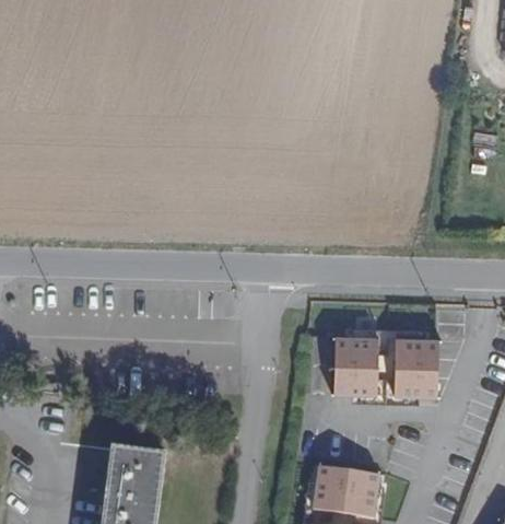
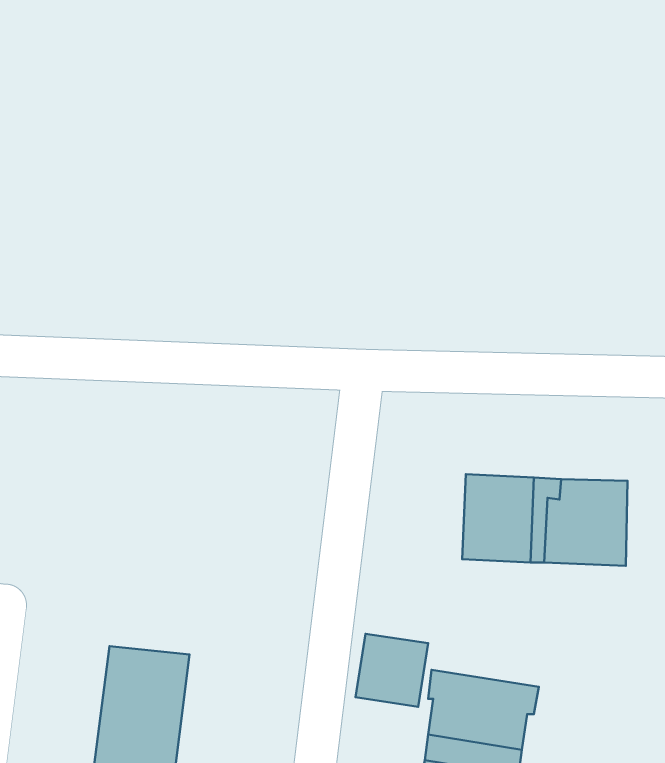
building: none -> [356,634,428,707]

